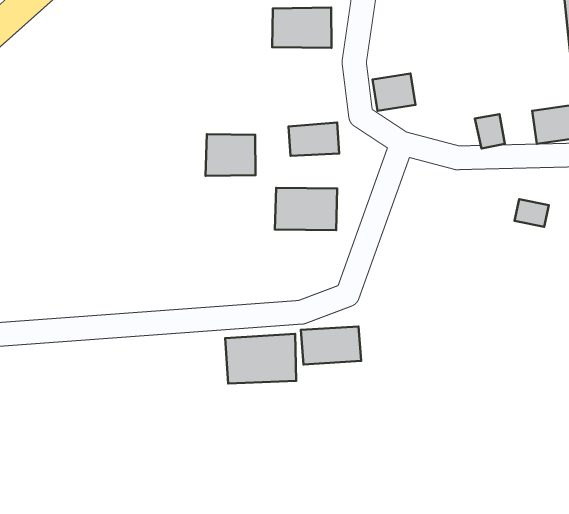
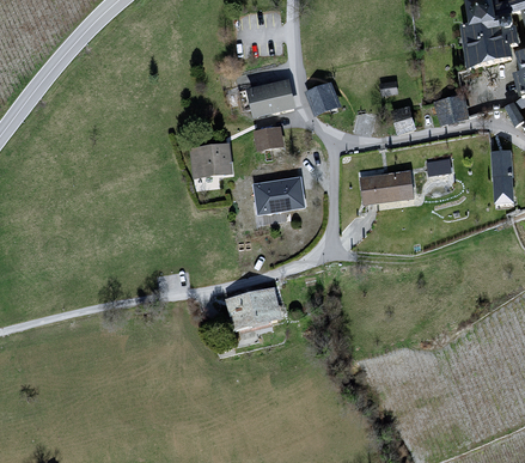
building: [272,7,332,48] -> [238,83,286,118]
building: none -> [362,166,421,201]
building: [301,326,361,364] -> none

